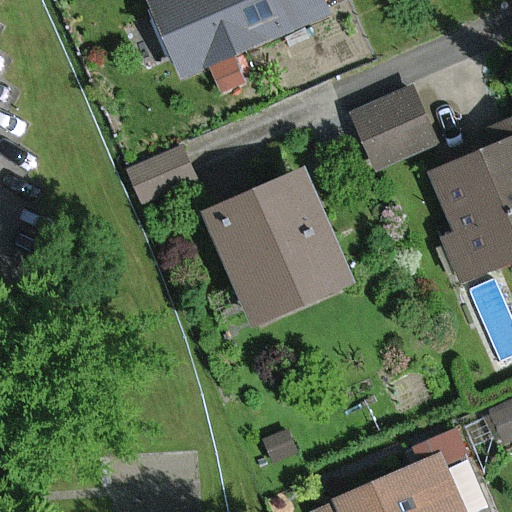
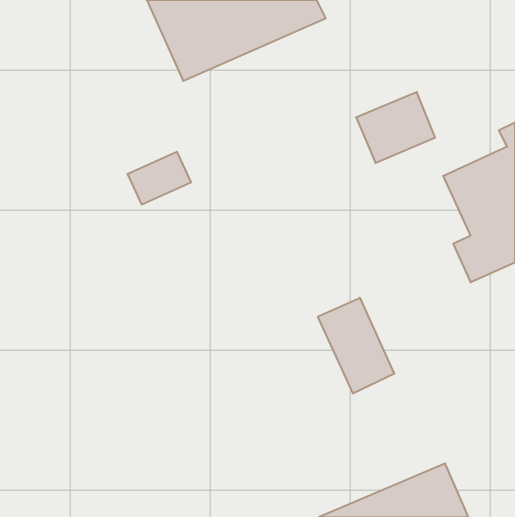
building: [203,167,351,322] -> none
building: none -> [318,298,394,394]

